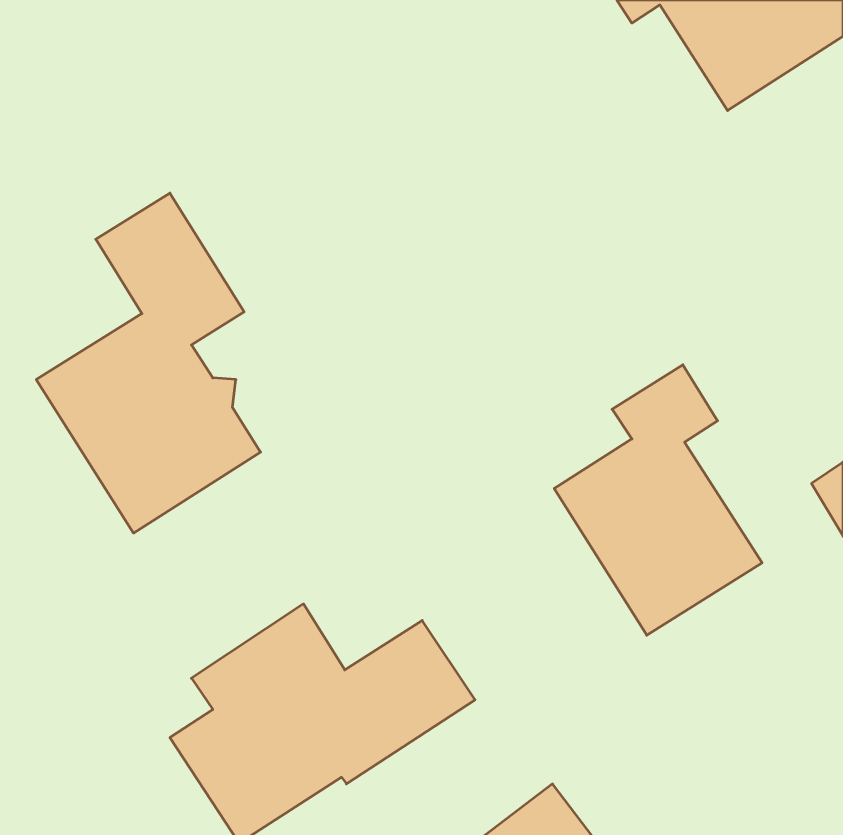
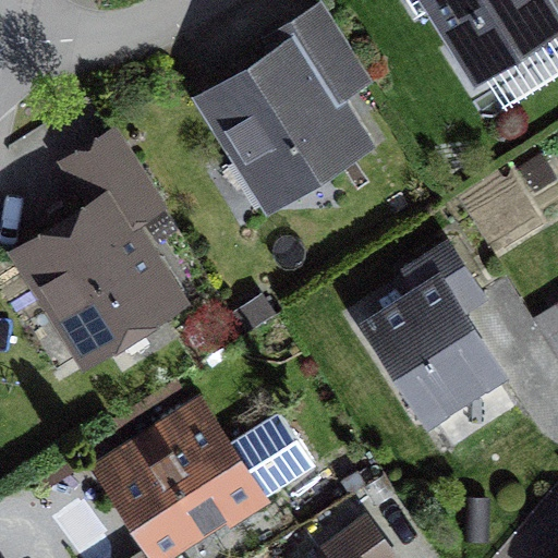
building: none -> [211,10,366,201]

